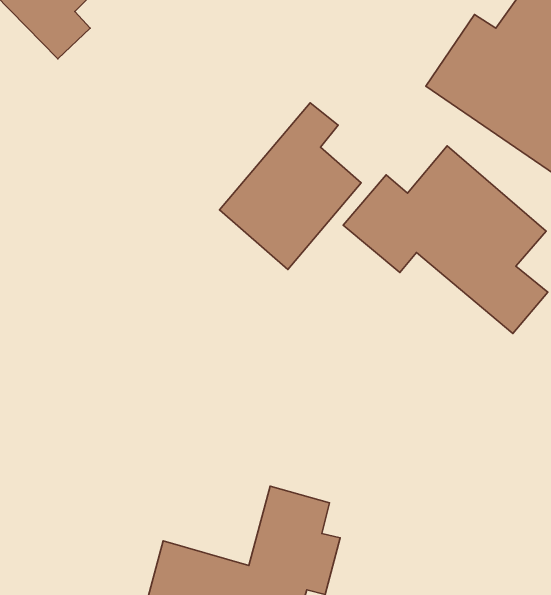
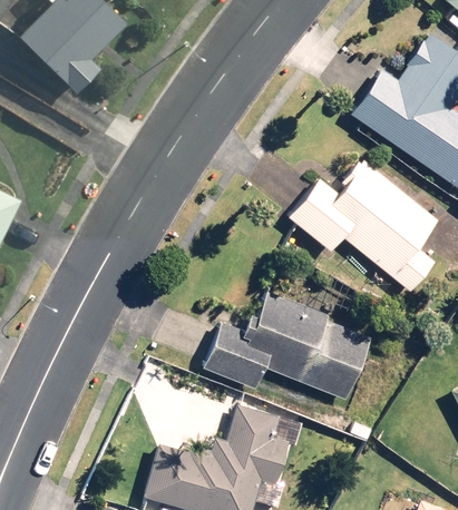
building: [219,103,361,270] -> none
building: none -> [204,292,368,400]

